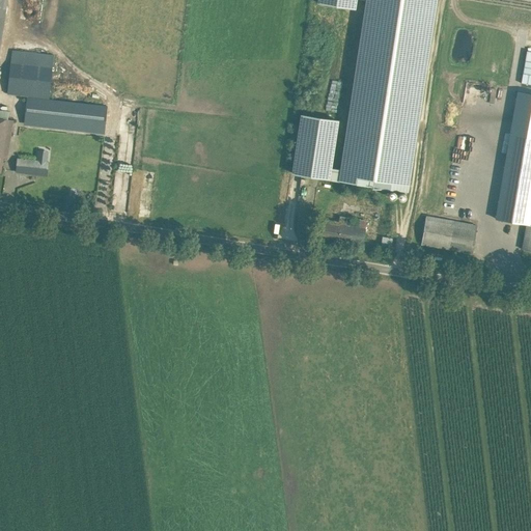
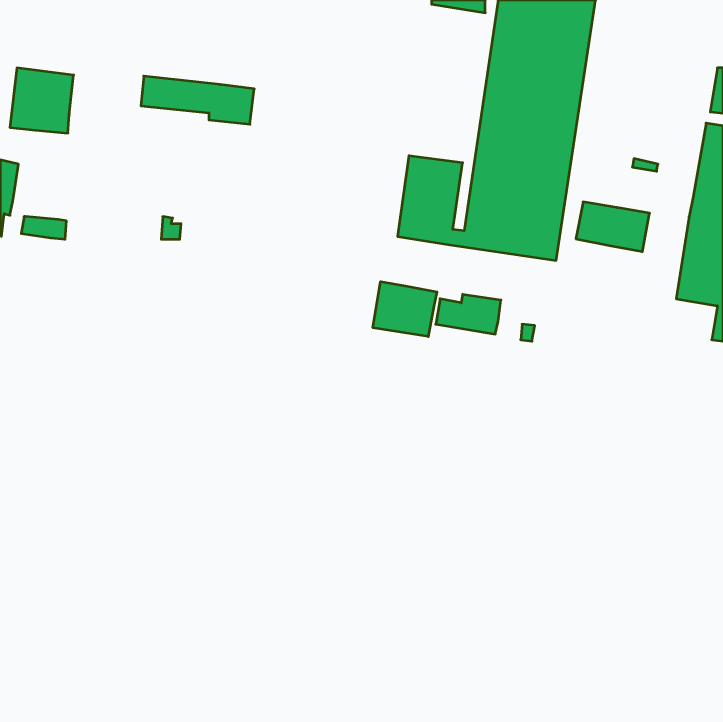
building: [25,99,108,134] -> [141,76,254,124]
building: none -> [373,282,437,337]
building: [422,218,476,254] -> [576,202,650,252]

